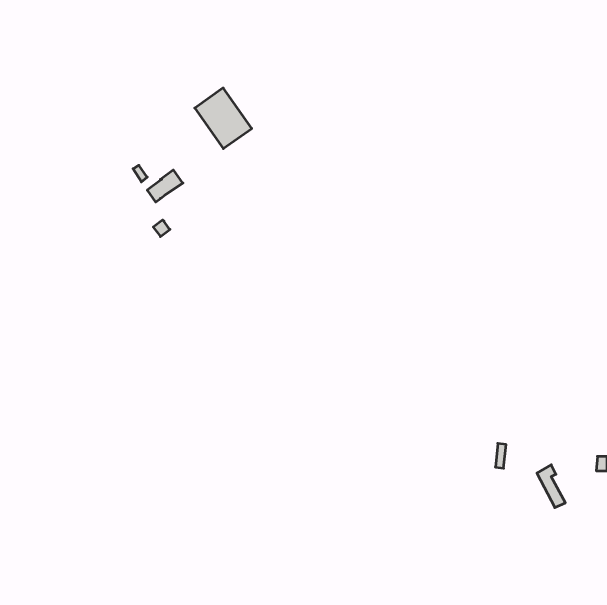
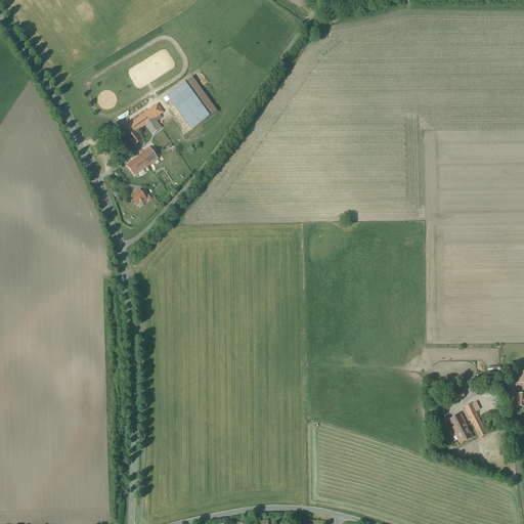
building: none -> [122,102,163,144]
building: none -> [445,411,471,443]

